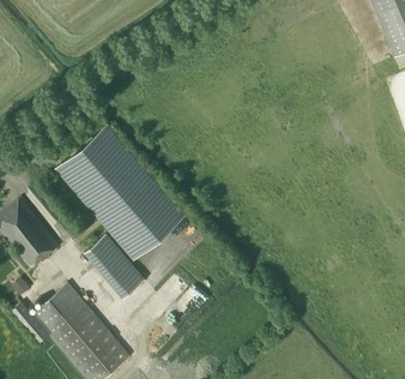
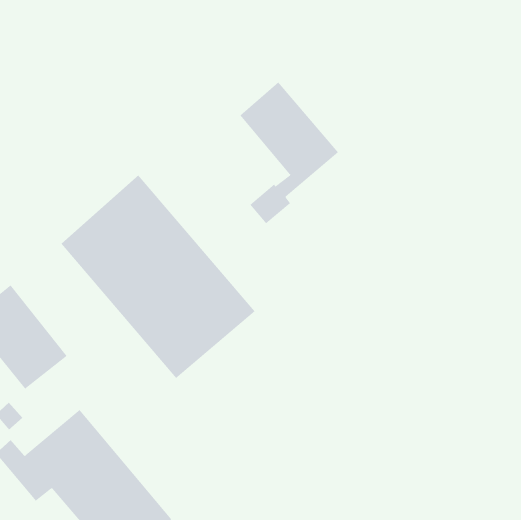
building: none -> [240,82,339,224]
building: [84,234,145,299] -> none

